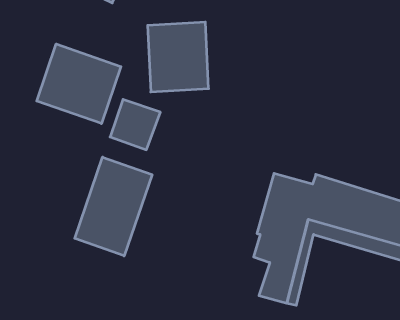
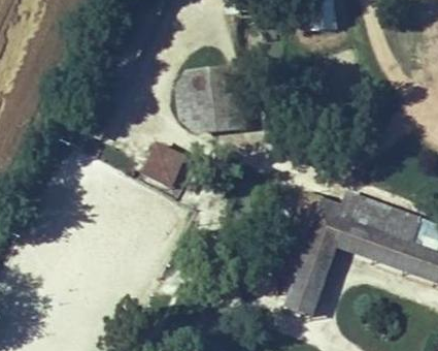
building: [37,44,121,124] -> none
building: [75,157,152,256] -> none

